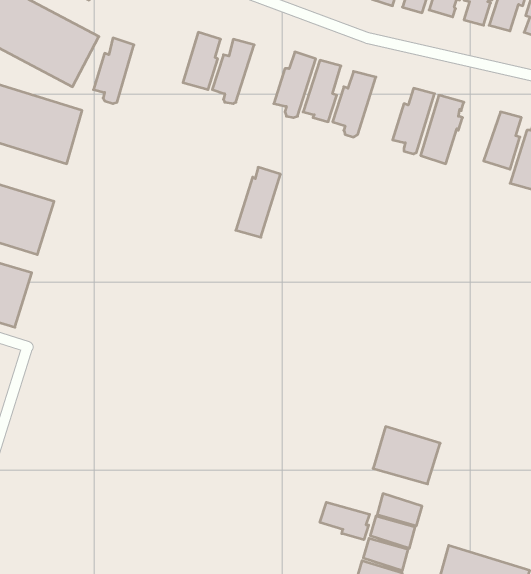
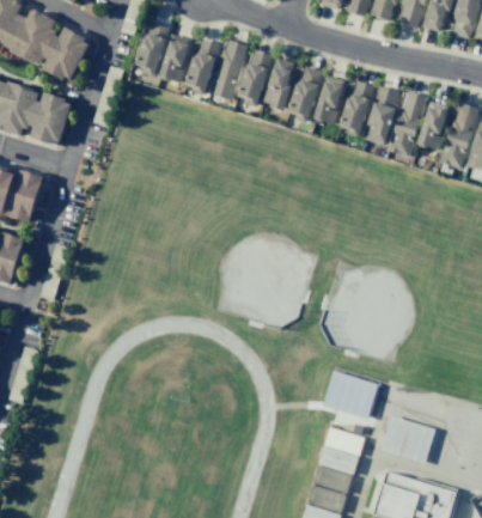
building: [93,38,134,104] -> [135,20,170,77]
building: none -> [313,75,344,124]
building: none -> [388,92,427,157]
building: [236,167,280,237] -> [209,41,248,100]
building: none -> [379,416,434,464]
building: [320,502,370,540] -> none

